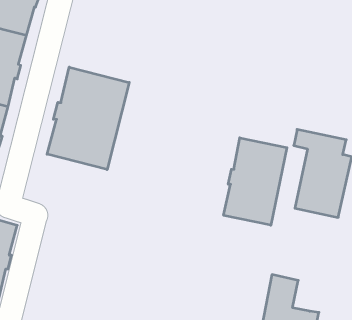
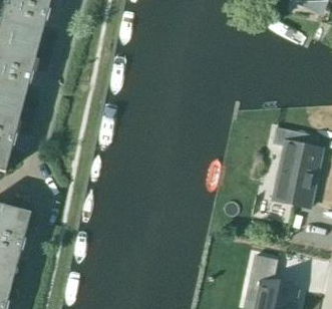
building: [47,67,129,170] -> none
building: [224,138,287,225] -> none

